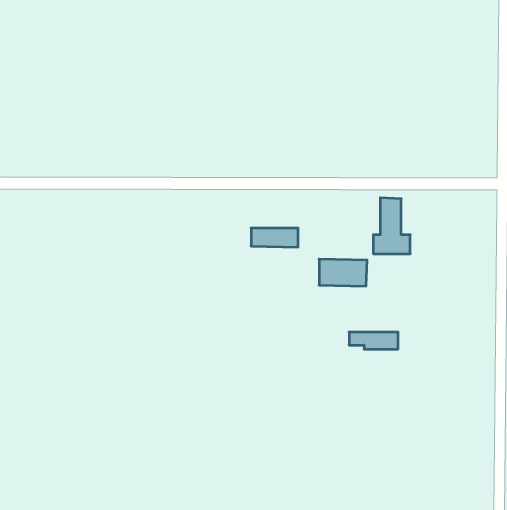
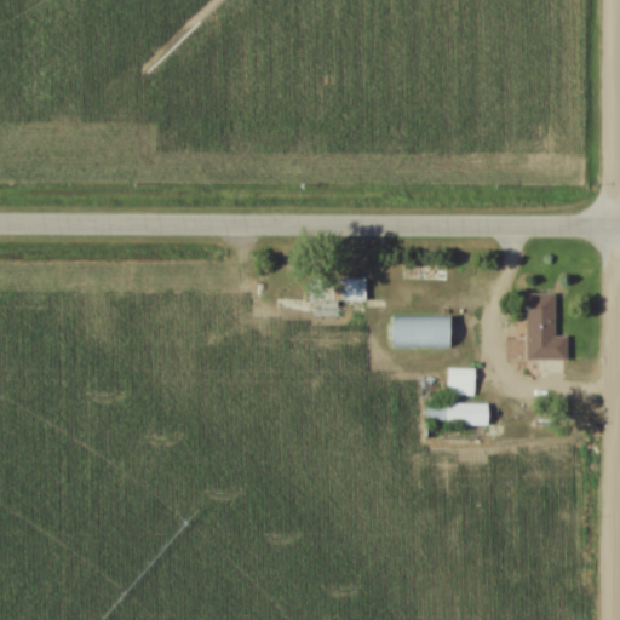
building: [373,198,410,254] -> [524,292,569,360]
building: none -> [448,368,476,391]

